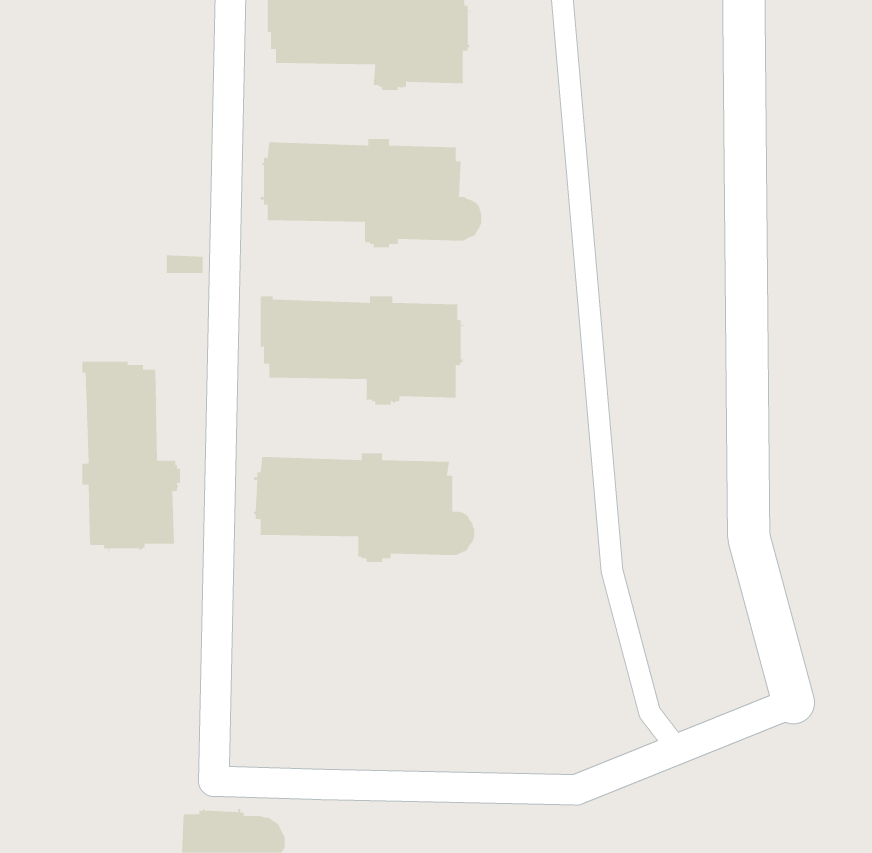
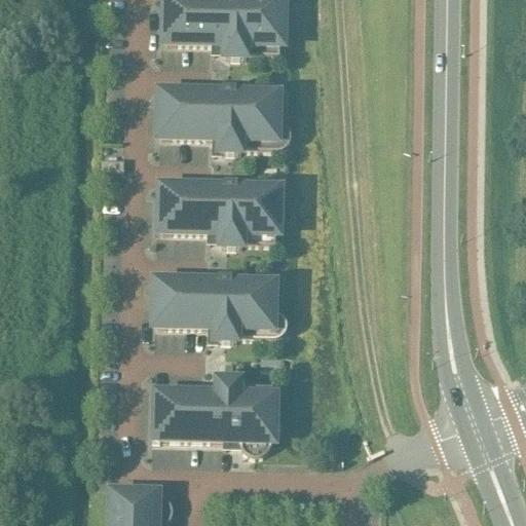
building: [82,361,180,552] -> none
building: none -> [152,374,275,452]

